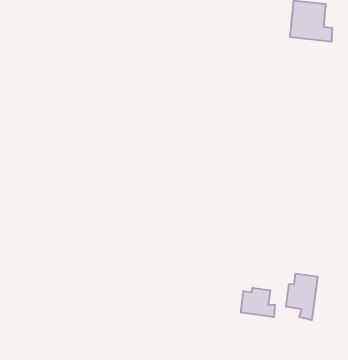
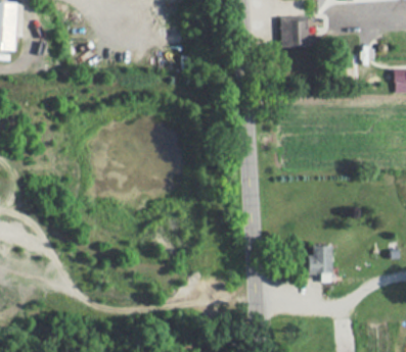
building: [241,288,275,317] -> none

